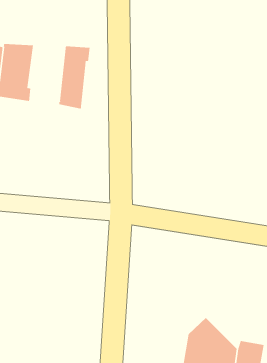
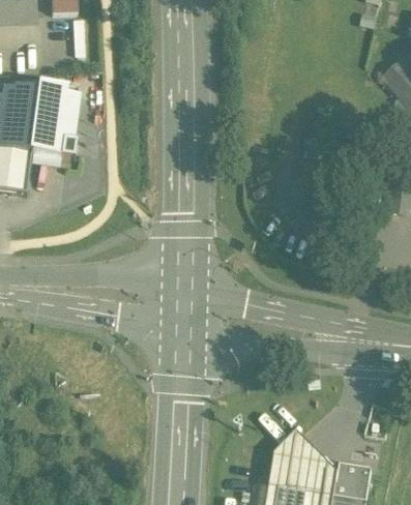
building: [59,46,90,109] -> none

